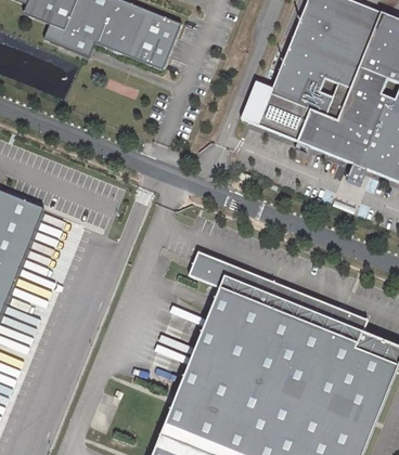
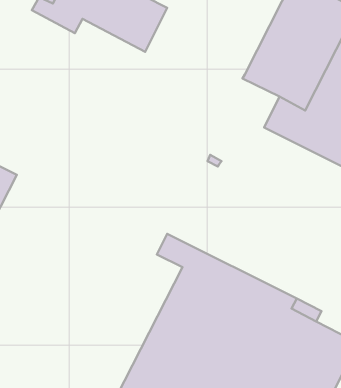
building: [236,80,304,138] -> none

